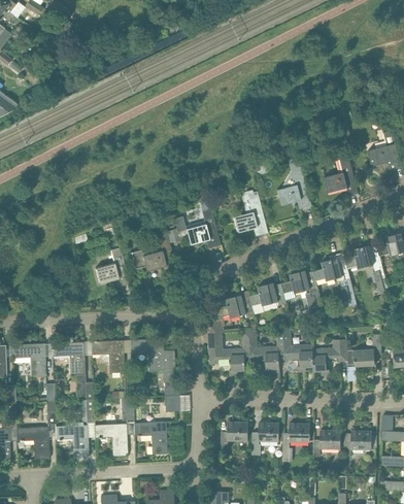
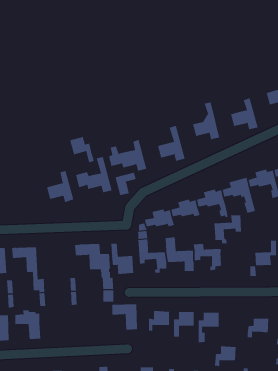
building: none -> [70,136,94,163]
building: none -> [115,172,136,196]
building: none -> [111,243,134,275]
building: [312,339,347,375] -> [214,215,242,244]
building: [91,340,125,373] -> none
building: [134,422,167,455] -> [111,304,138,330]
building: [95,424,128,456] -> none
building: [313,430,341,456] -> [214,346,237,367]

